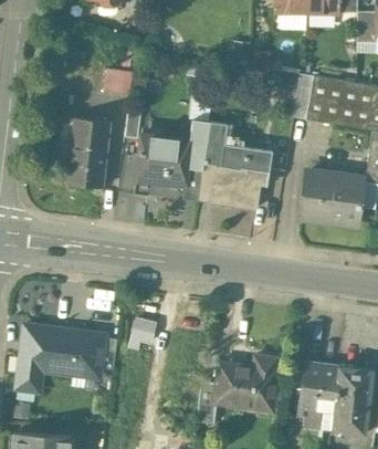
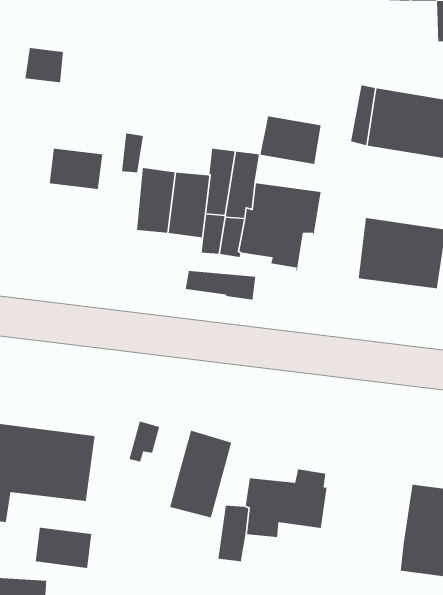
building: [104,67,133,94] -> [25,47,64,83]
building: none -> [260,115,322,165]
building: [69,146,109,189] -> none
building: none -> [185,270,256,300]
building: none -> [169,429,232,518]
building: [298,362,339,438] -> none
building: none -> [35,527,92,569]

